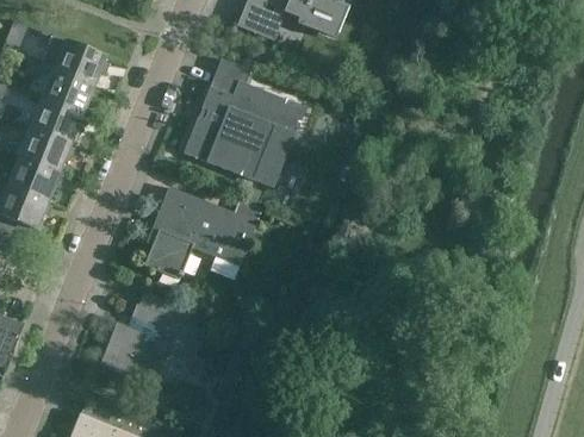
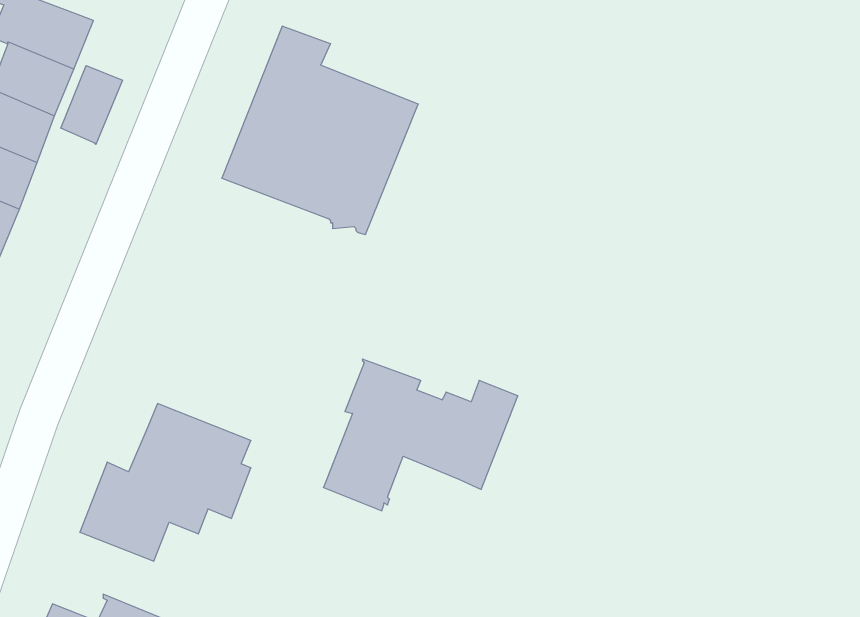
building: none -> [61,66,122,144]
building: [143,187,262,280] -> [323,359,518,511]

